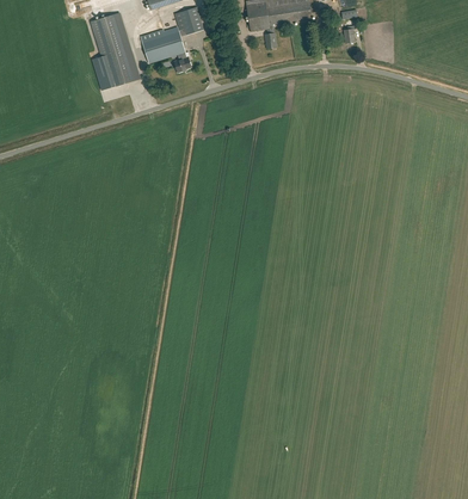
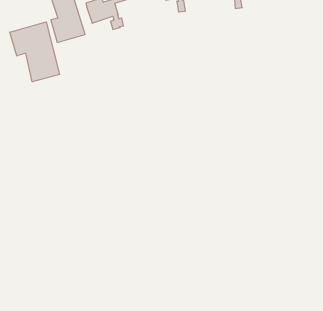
building: none -> [10,22,59,82]

